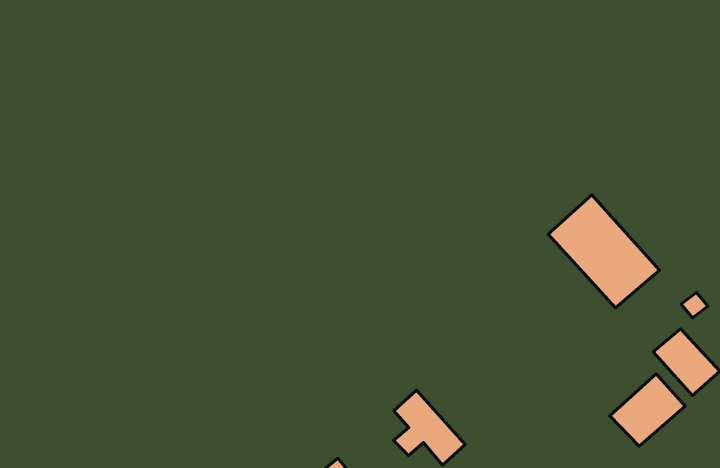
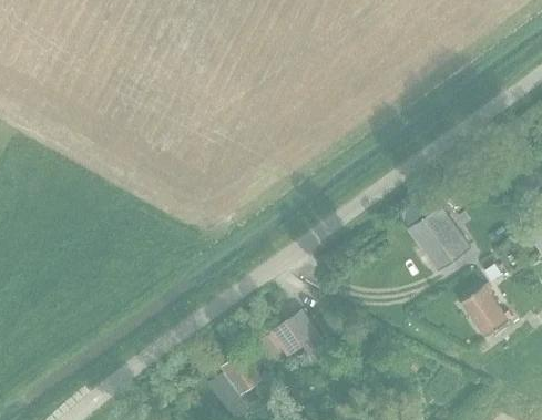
building: [610,374,685,446] -> none

